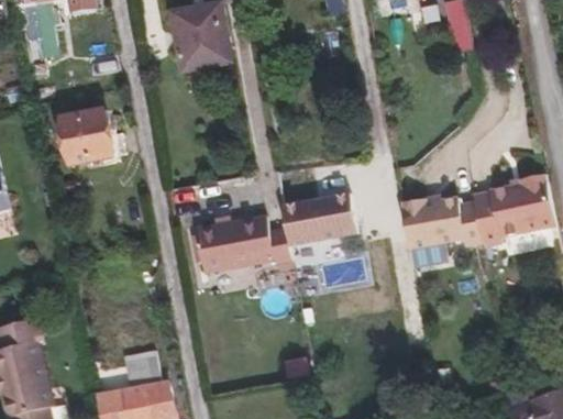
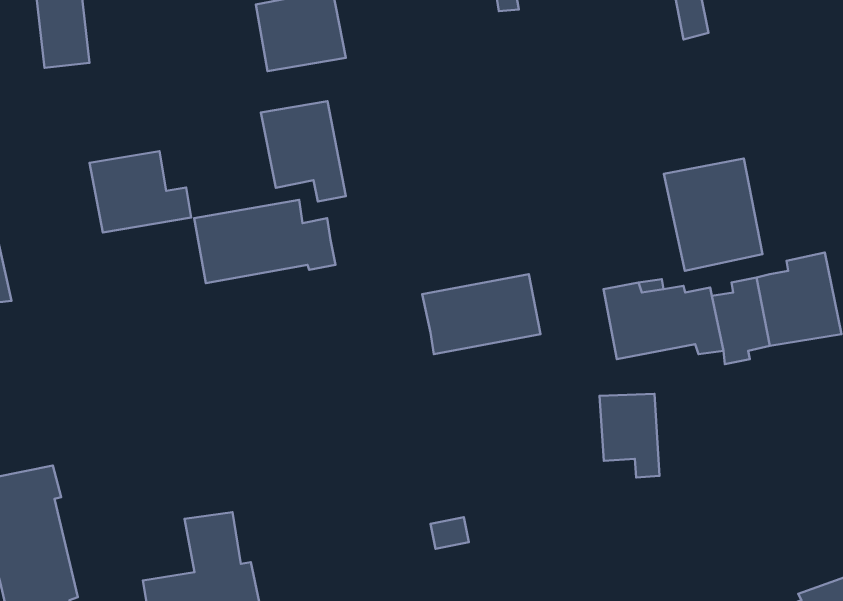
building: none -> [261,101,346,202]
building: none -> [664,158,762,271]
building: [198,218,291,273] -> [194,200,336,283]
building: none -> [600,394,660,477]

